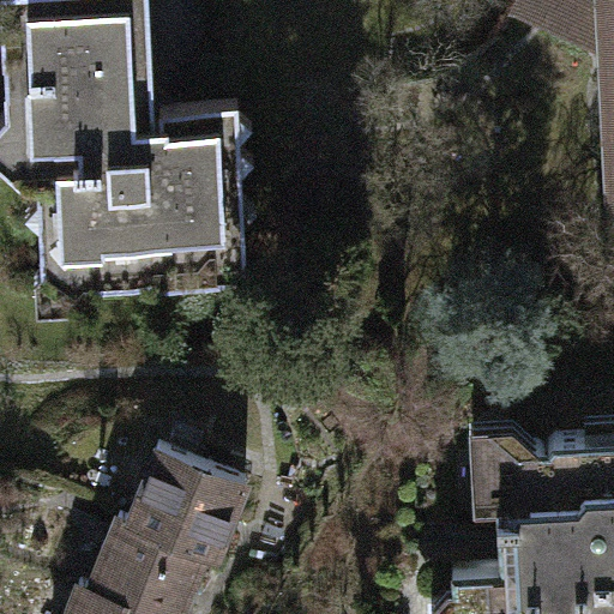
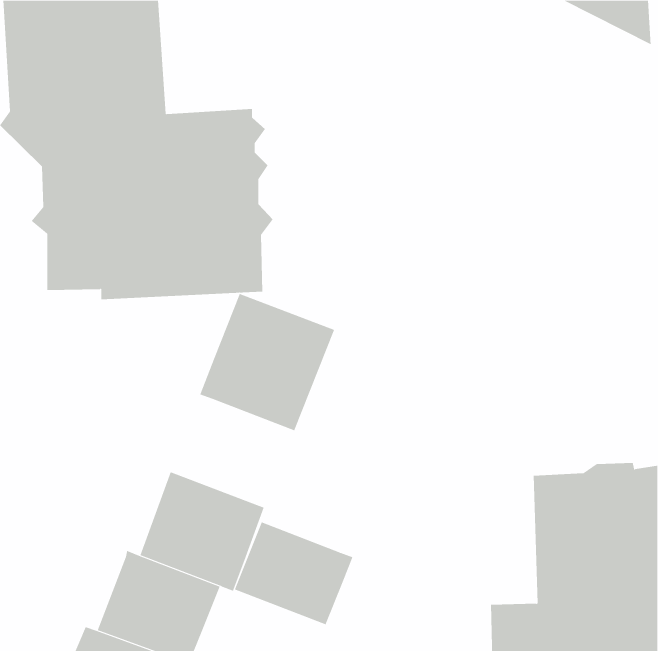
building: none -> [199,293,335,431]
building: none -> [234,522,353,625]

